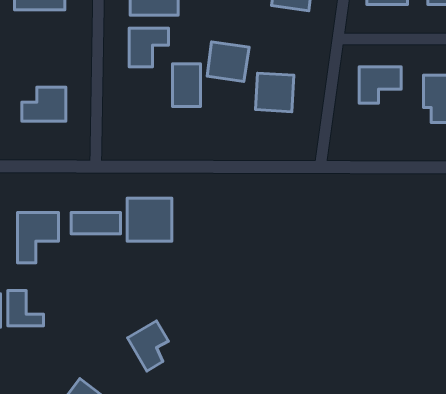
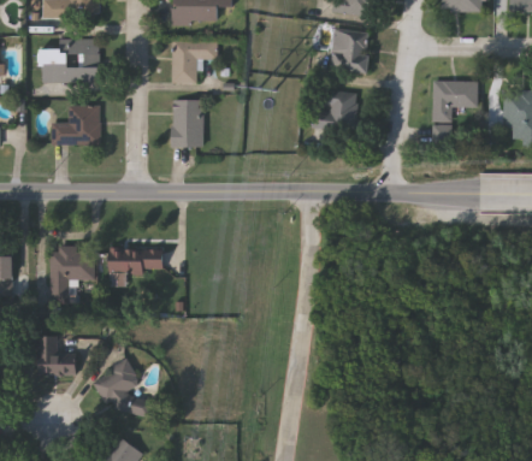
building: none -> [42,40,101,82]
building: [207,42,249,81] -> [329,31,376,76]
building: [173,64,200,107] -> [172,99,203,147]
building: [127,198,172,241] -> none
building: [128,321,168,371] -> [94,359,140,415]

